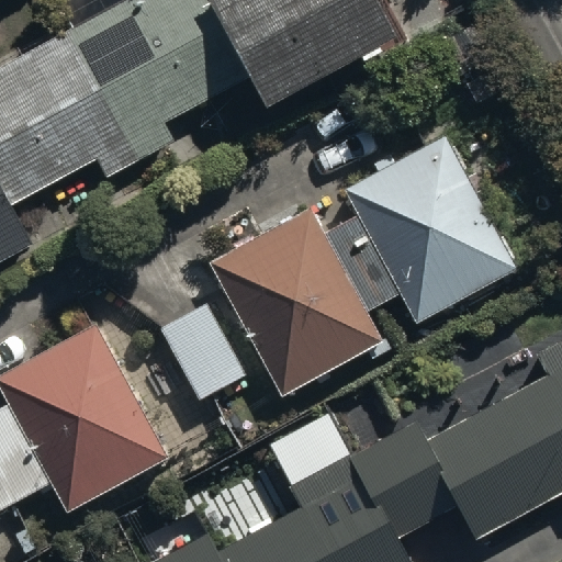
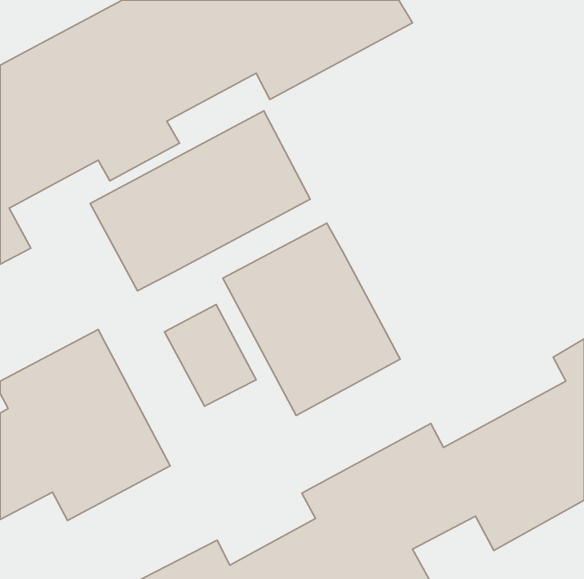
building: none -> [90,111,310,291]
building: [329,146,521,335] -> none

